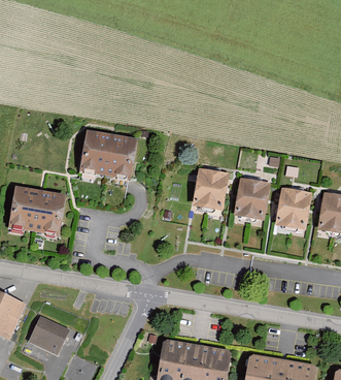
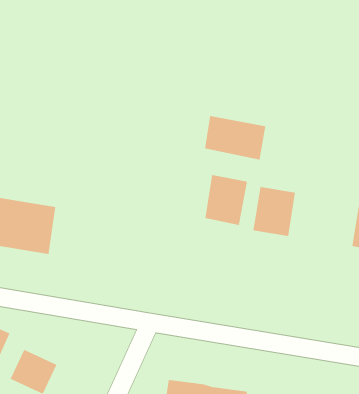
building: none -> [204,115,266,161]
building: [75,132,134,182] -> none
building: [276,186,313,229] -> none

